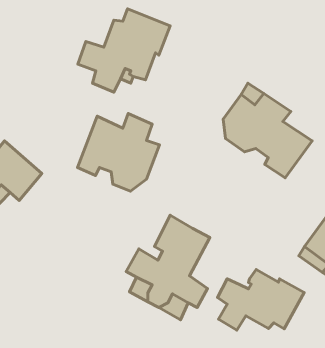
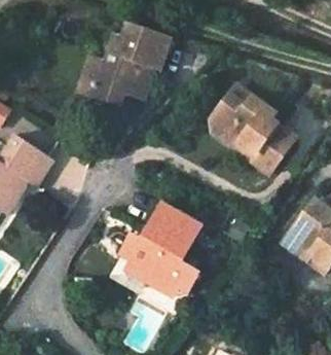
building: [77,114,160,191] -> none
building: [218,269,304,330] -> none

